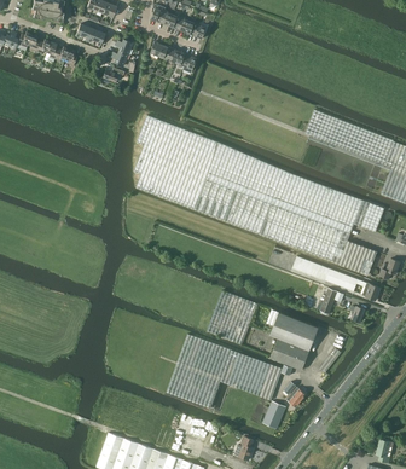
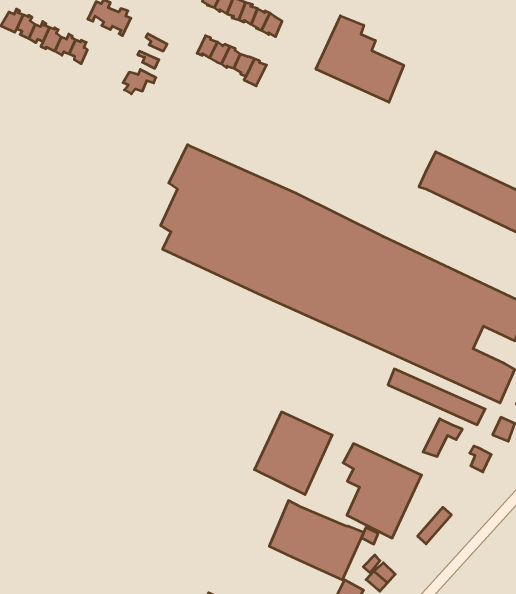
building: none -> [316,16,404,102]
building: [167,334,231,407] -> none

